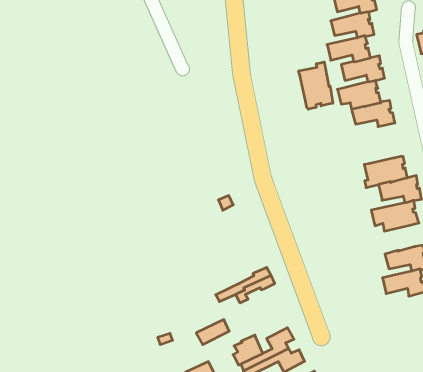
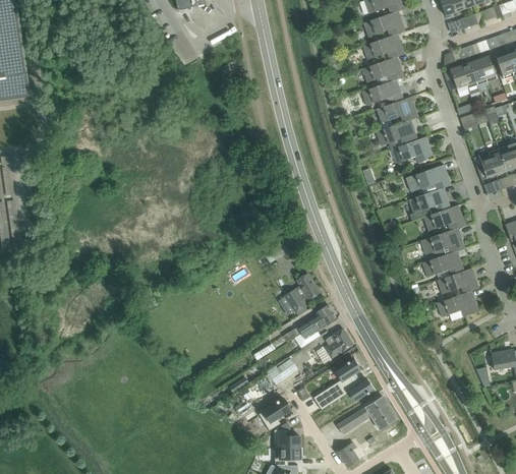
building: [299,62,333,109] -> none
building: none -> [406,165,451,192]
building: none -> [422,251,464,277]
building: none -> [284,273,320,312]
building: [233,335,263,365] -> [325,329,352,358]

